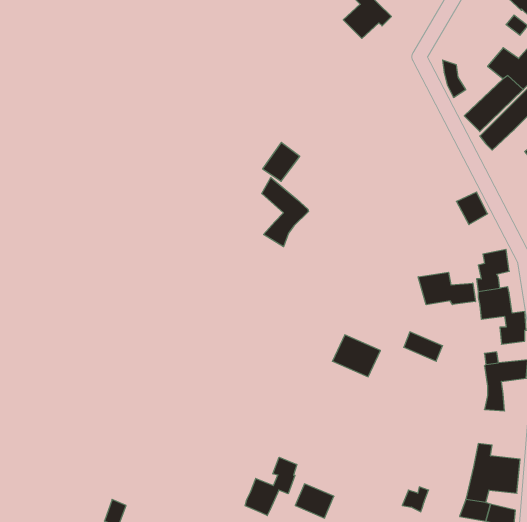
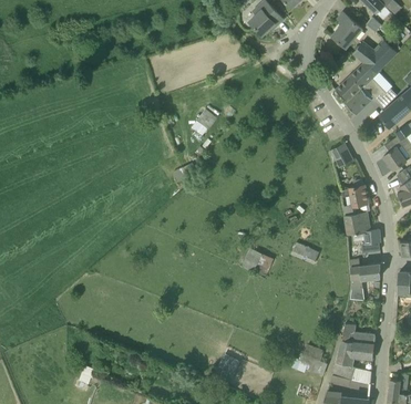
building: none -> [332,12,362,48]
building: [262,177,308,247] -> none
building: [418,272,475,305] -> none
building: [245,457,297,516] -> none

